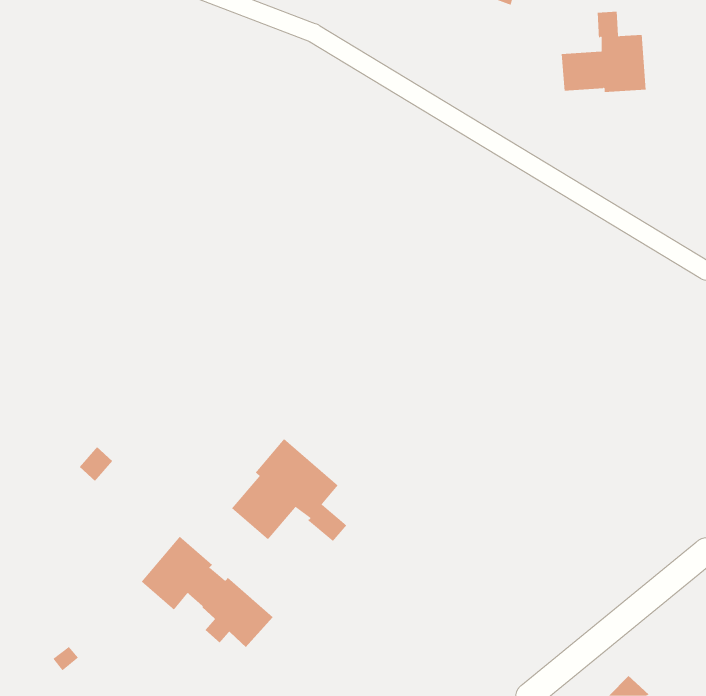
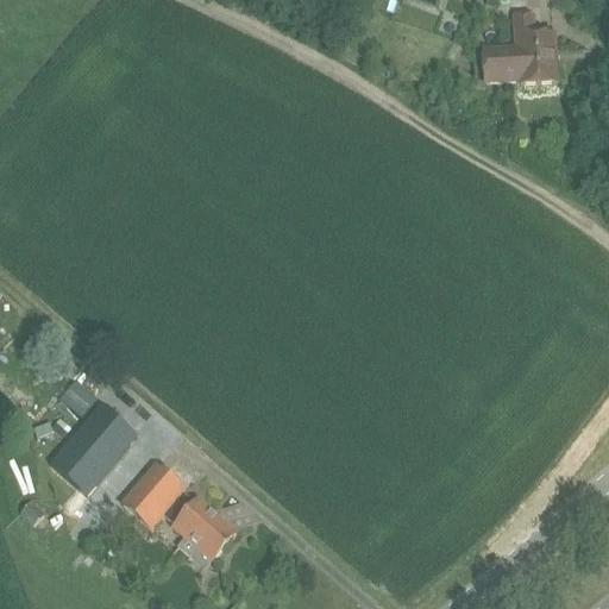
building: [231,438,347,542] -> none
building: none -> [50,401,137,491]

